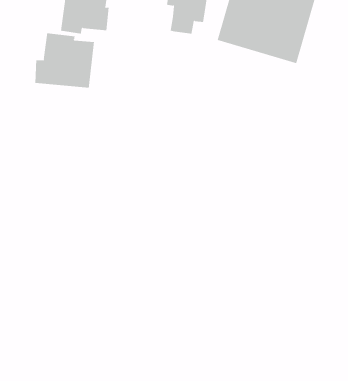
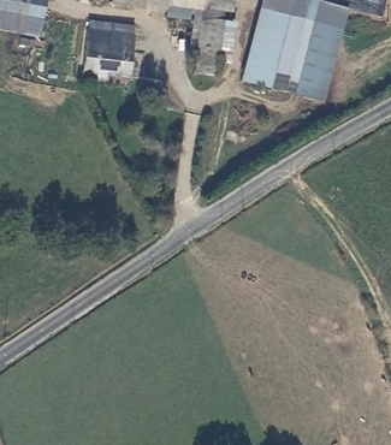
building: [35,32,95,89] -> none

